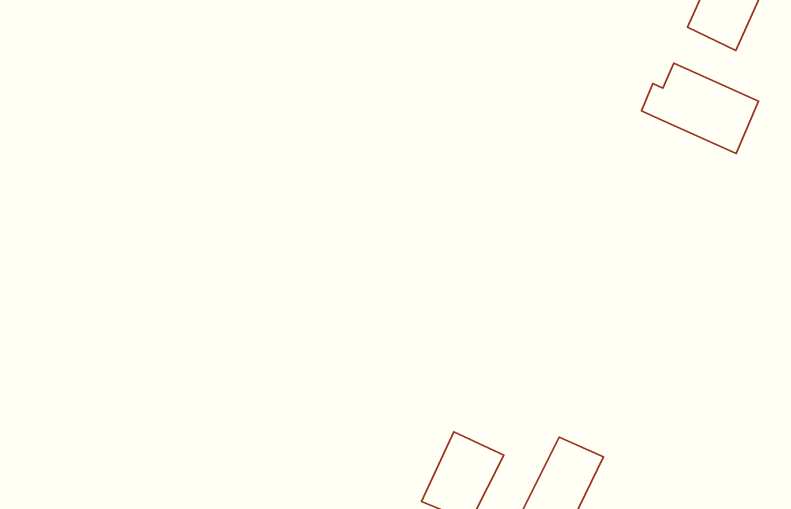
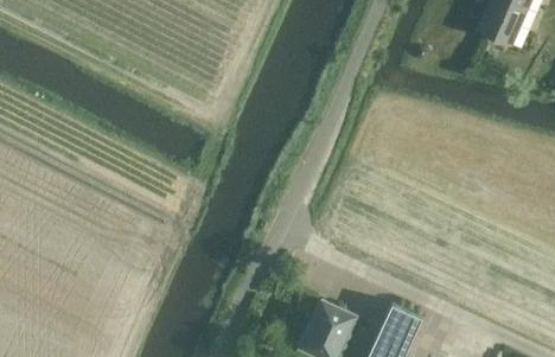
building: [642,63,758,154] -> none

